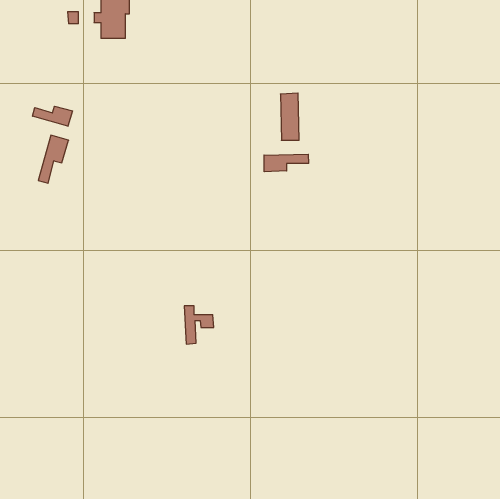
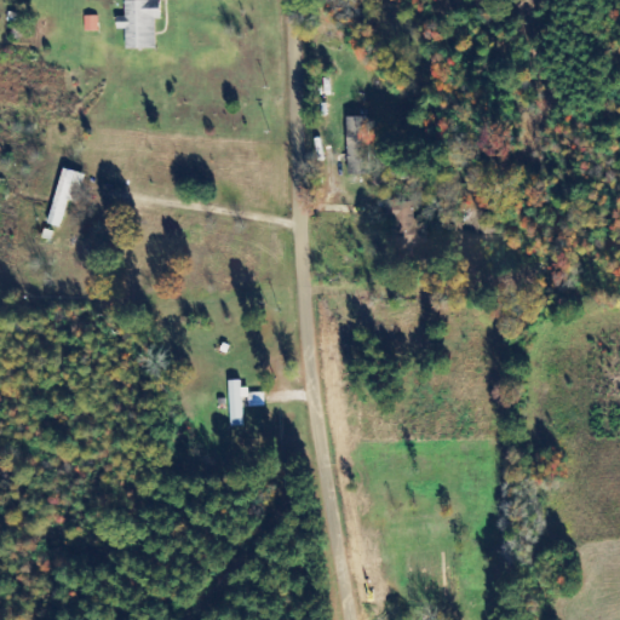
building: [33,106,72,126] -> none
building: [264,154,309,172] -> none

